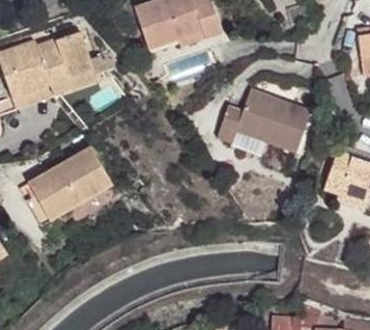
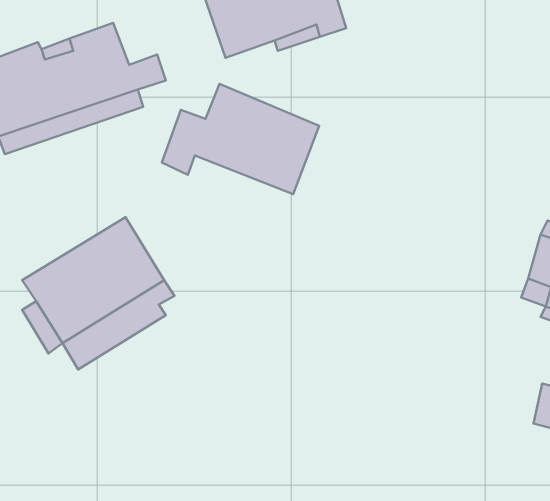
building: [218,88,311,154] -> [162,84,319,194]

